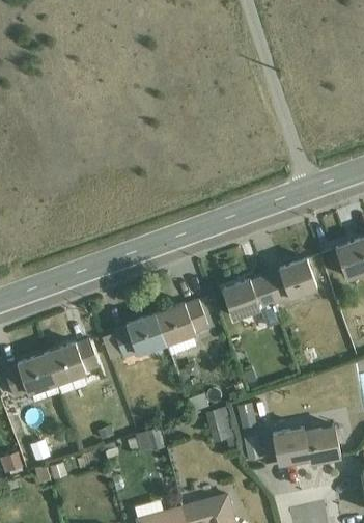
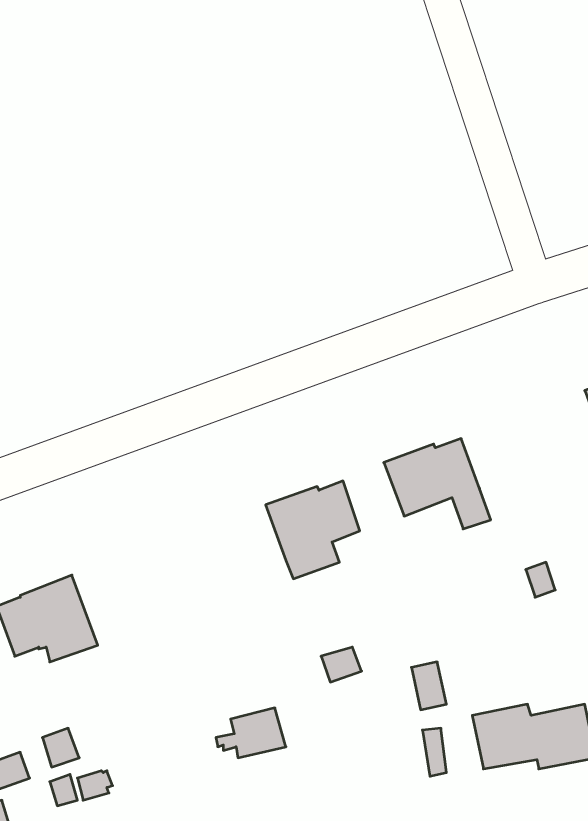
building: [265,259,317,304] -> none
building: [114,313,167,358] -> none
building: [47,339,100,394] -> none
building: [205,406,236,448] -> none

